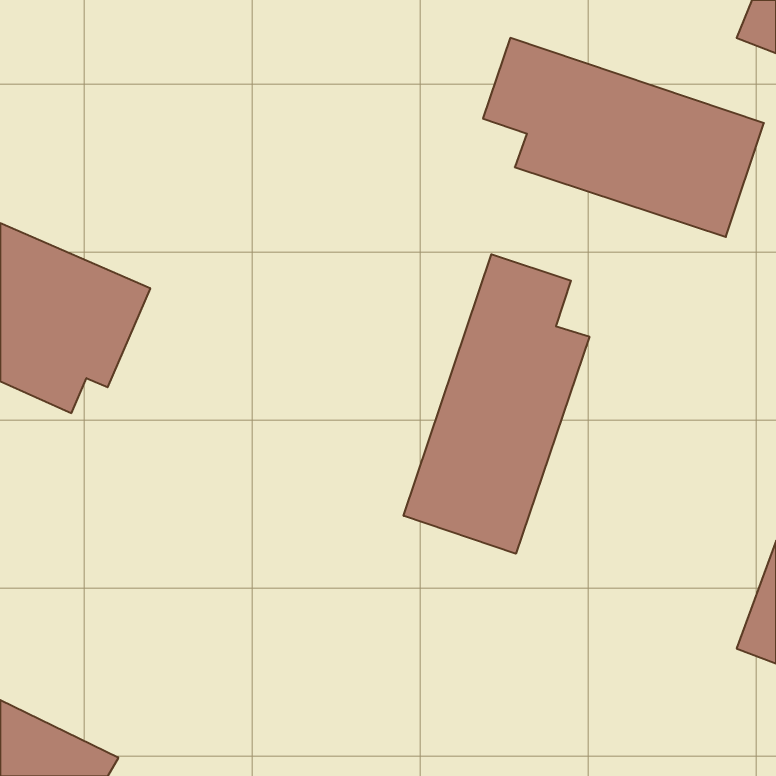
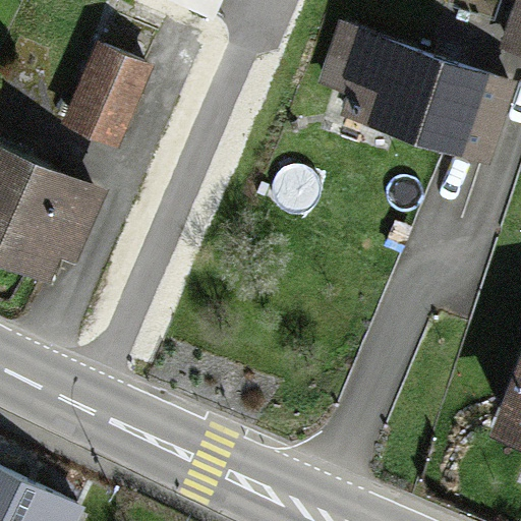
building: none -> [68,49,148,141]
building: [404,254,589,554] -> none

